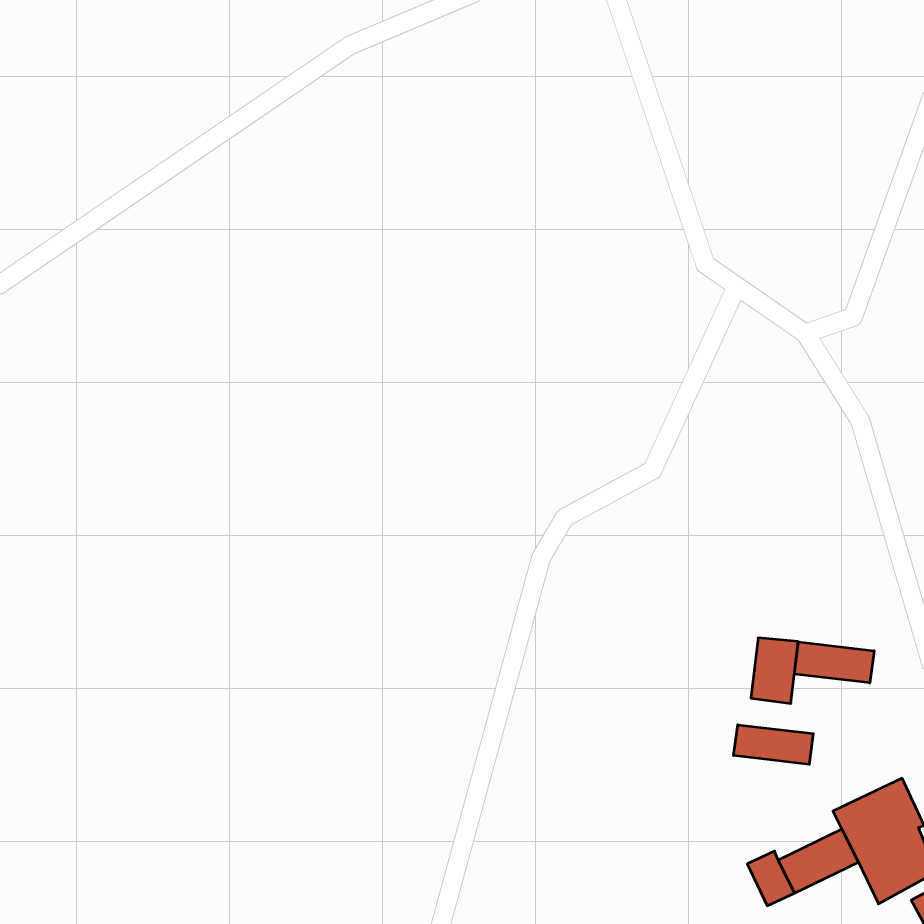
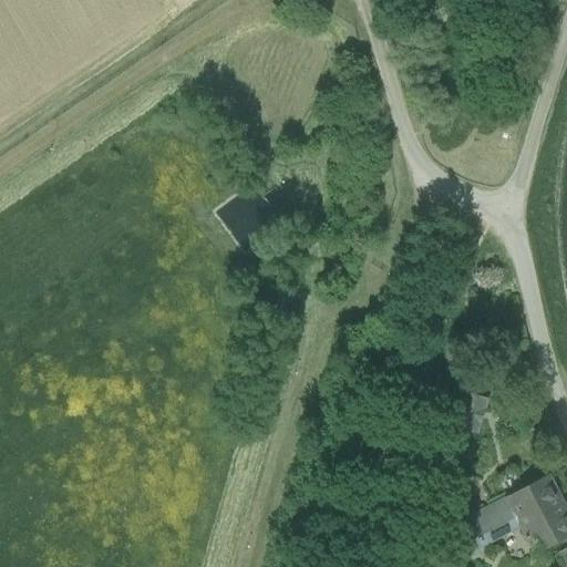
building: [794,642,874,683] -> none
building: [734,725,813,764] -> none

